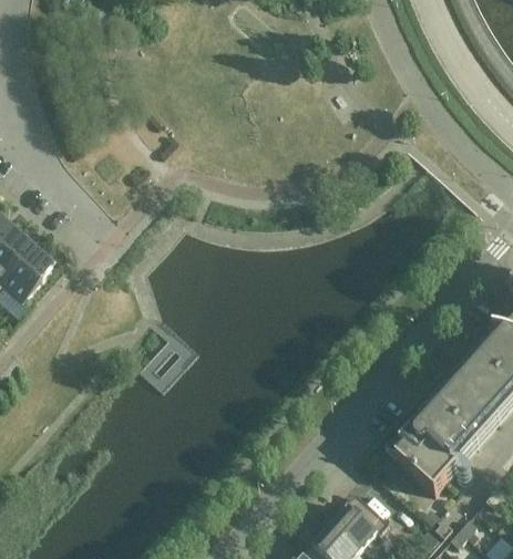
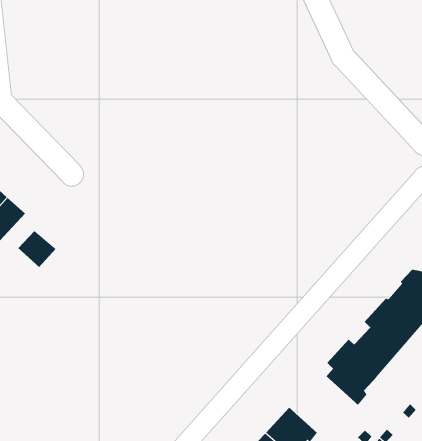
building: none -> [17,230,56,268]

